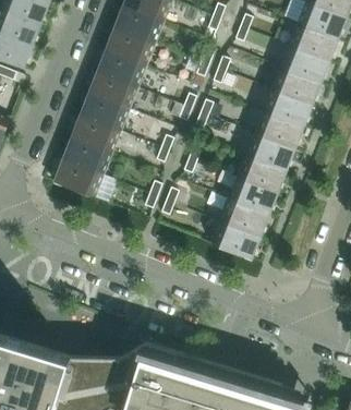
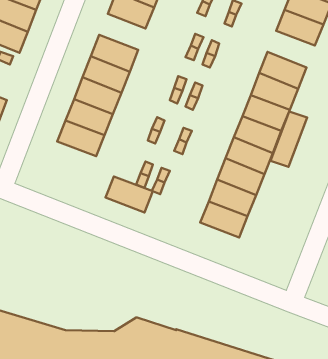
building: [105,31,153,68] -> none
building: [279,48,328,86] -> none
building: none -> [270,111,307,167]
building: [52,162,101,200] -> [105,177,153,212]

